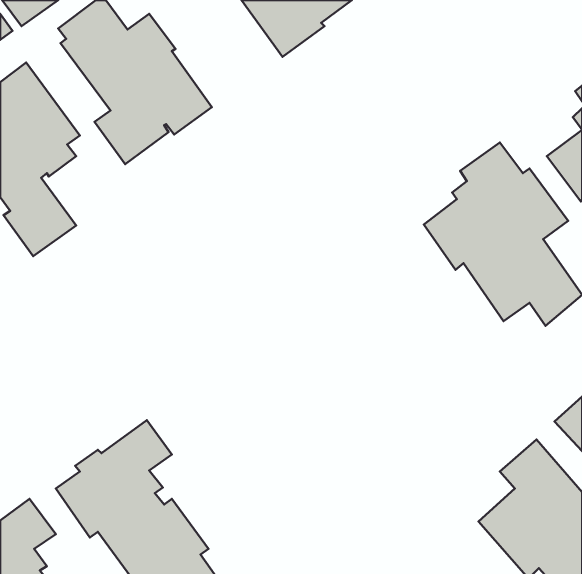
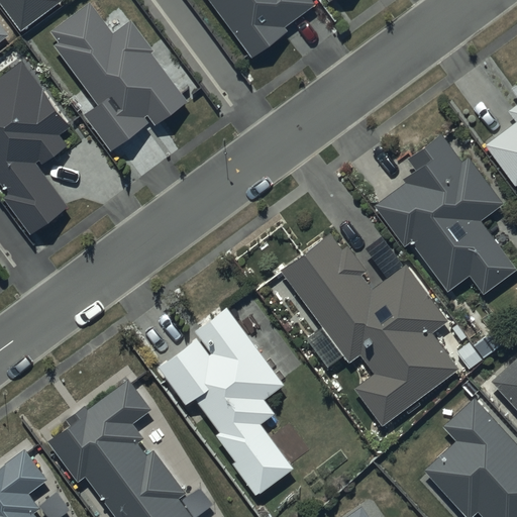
building: none -> [280,232,458,426]
building: none -> [159,305,293,495]

